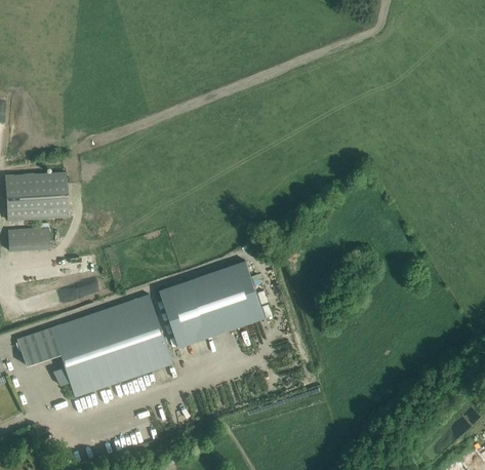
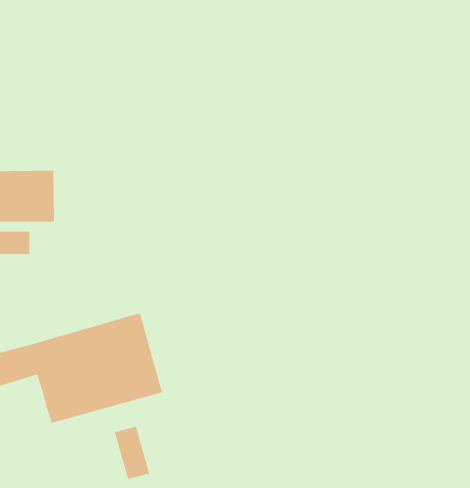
building: [158,261,266,347] -> none
building: none -> [114,426,150,480]

